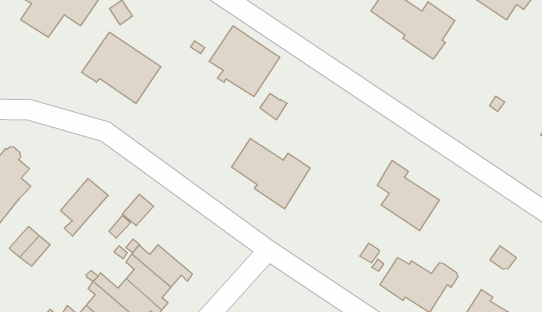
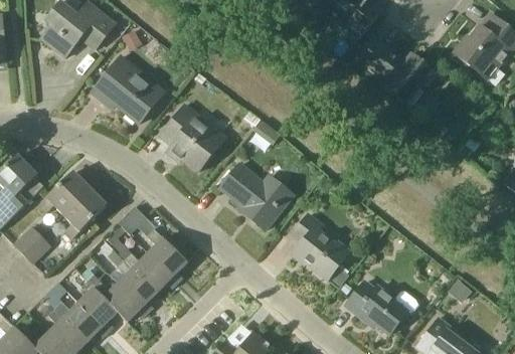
building: [209,26,280,96] -> [160,105,224,170]
building: [377,161,440,231] -> [292,213,347,279]
building: none -> [39,171,90,214]
building: none -> [147,228,187,282]

